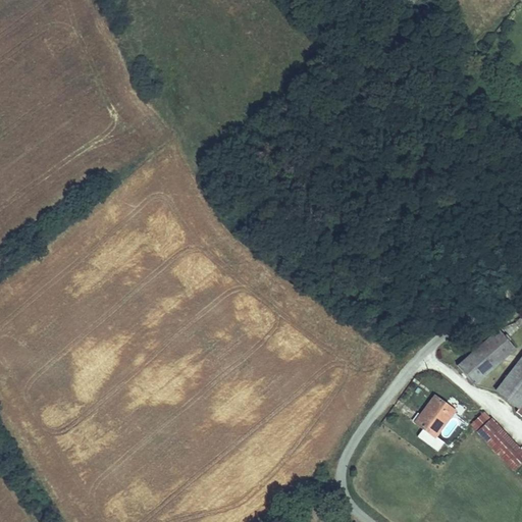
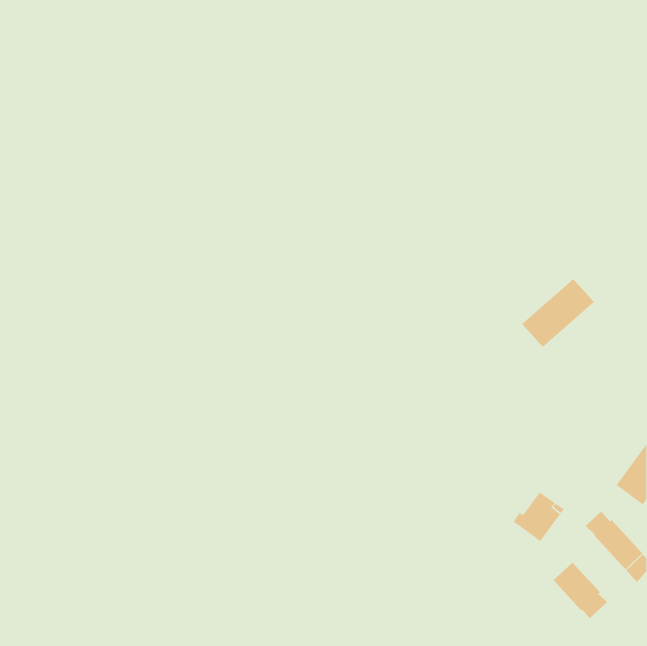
building: [457,328,516,384] -> [521,278,595,348]
building: none -> [553,562,608,619]

